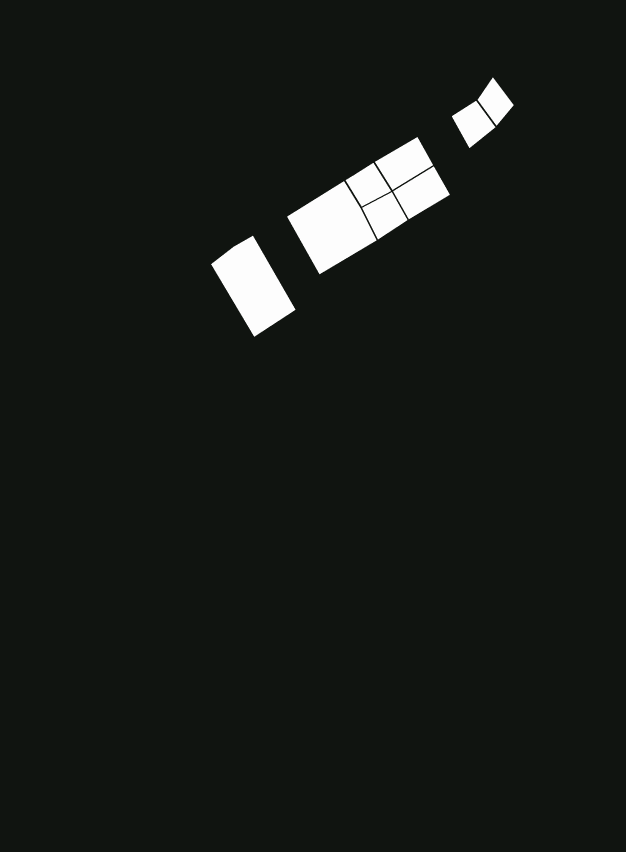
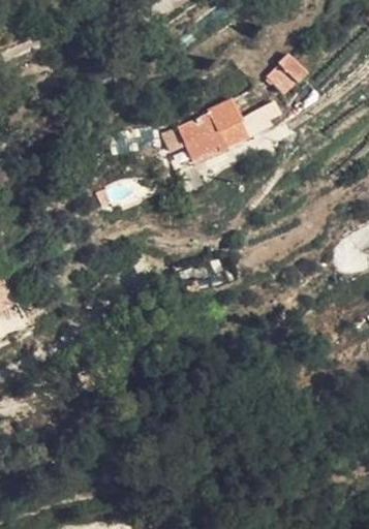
building: [210,235,296,338] -> none

